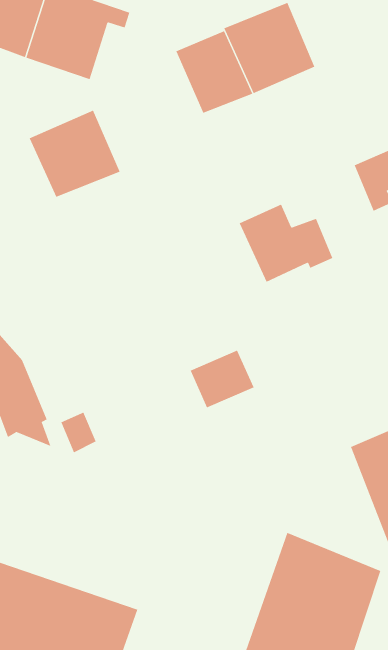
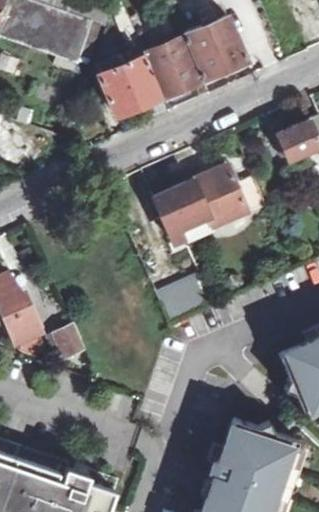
building: [29,110,121,198] -> [94,46,165,114]
building: none -> [153,179,214,242]

